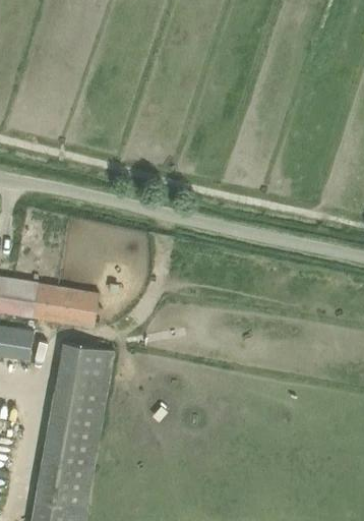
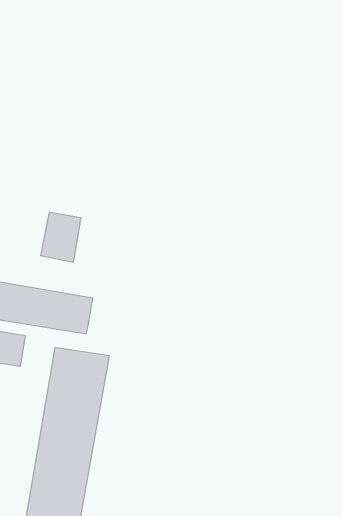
building: none -> [41,212,81,262]

